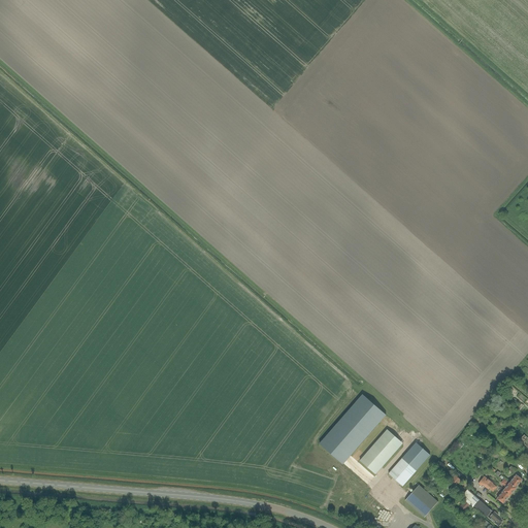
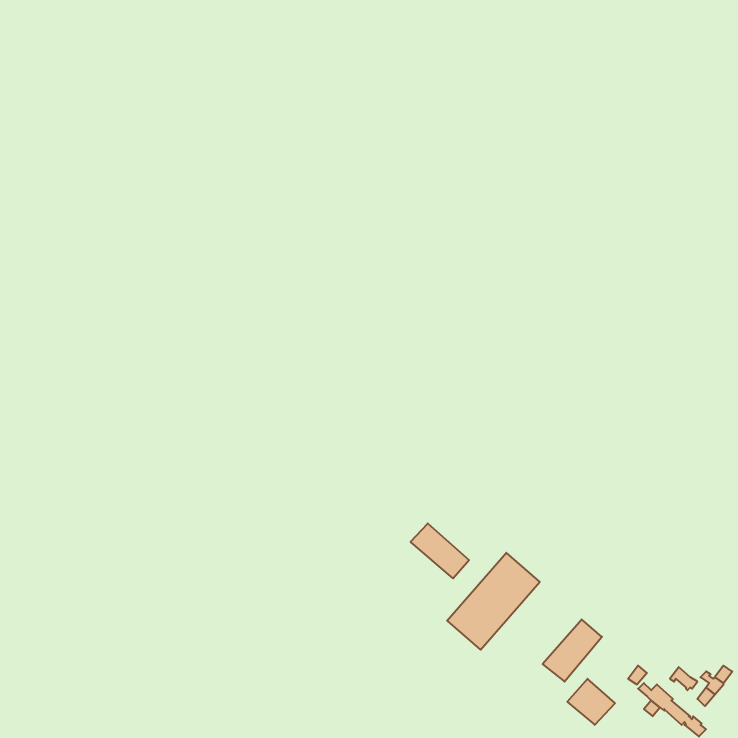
building: none -> [411,523,469,578]
building: [363,427,406,472] -> none

